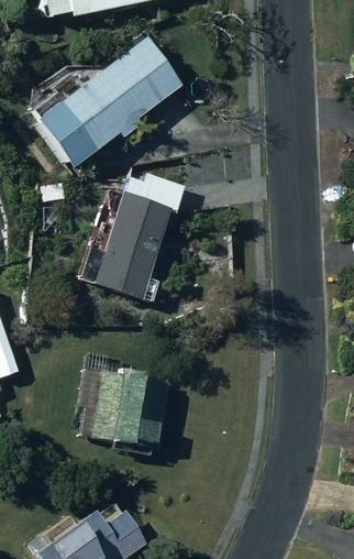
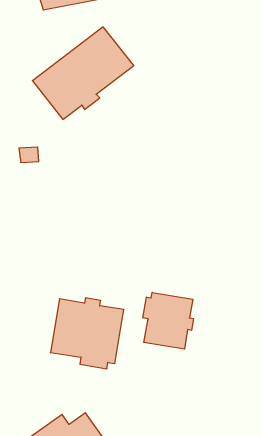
building: [90,174,184,302] -> none
building: none -> [143,292,193,349]

